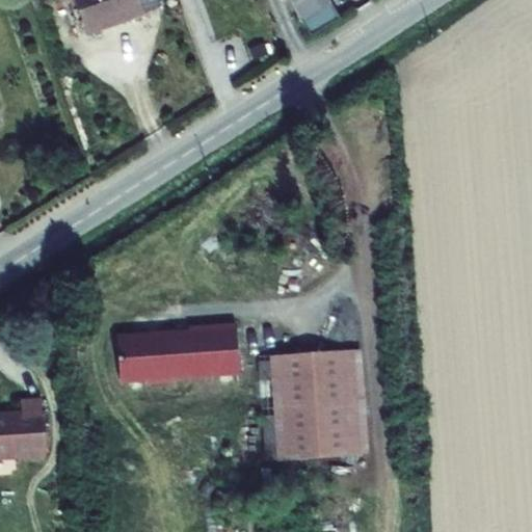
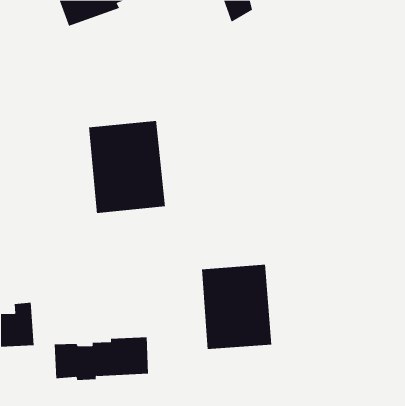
building: none -> [88,120,165,214]
building: [115,323,238,379] -> [54,337,149,380]

